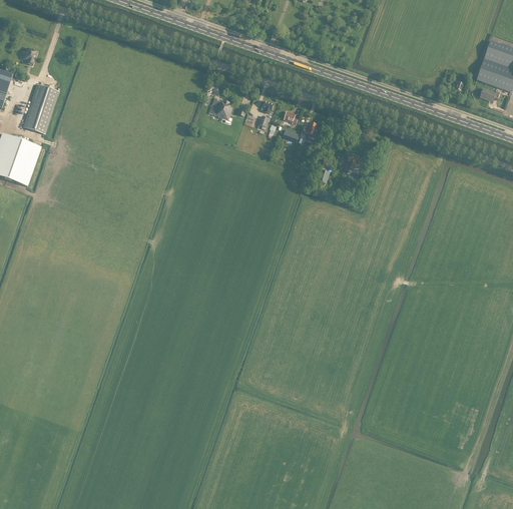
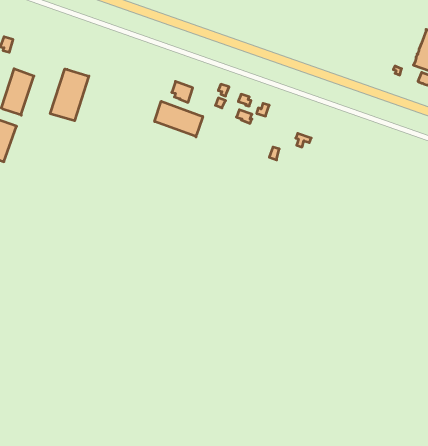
building: none -> [50,69,89,121]
building: none -> [155,101,203,137]

